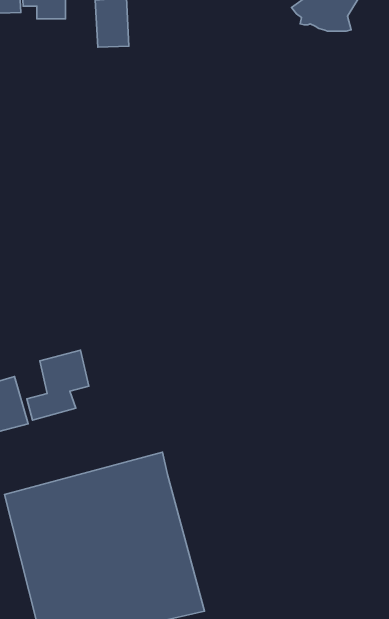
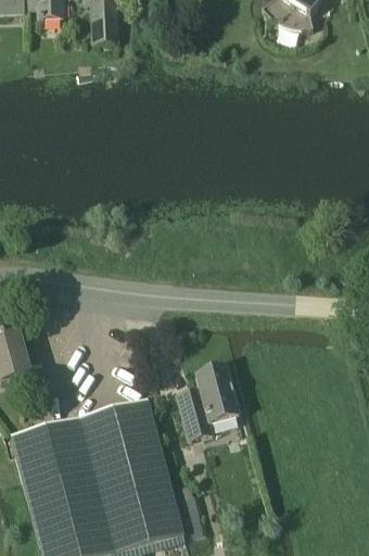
building: [27,350,89,420] -> none
building: none -> [177,367,238,440]

